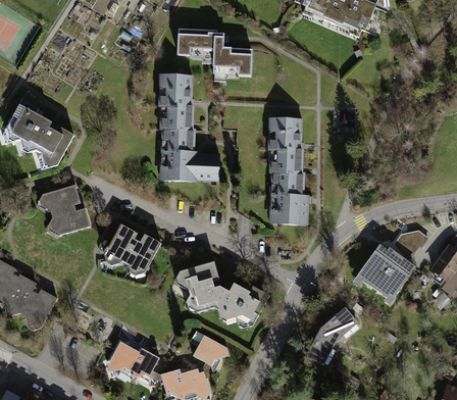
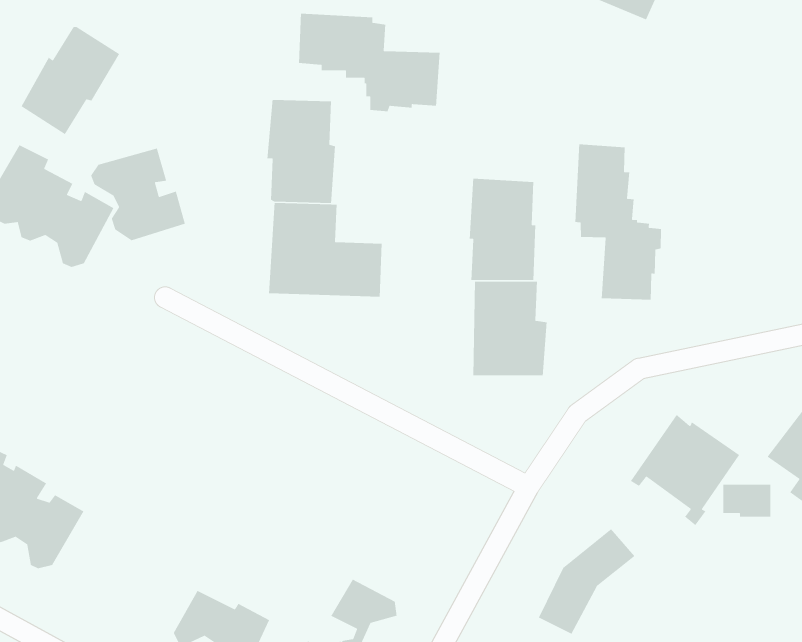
building: none -> [21,26,120,135]
building: none -> [575,144,662,301]
building: [39,184,91,235] -> [90,147,186,241]
building: [103,223,161,274] -> none
building: [402,231,428,249] -> [722,484,771,518]
building: [174,260,269,327] -> none

